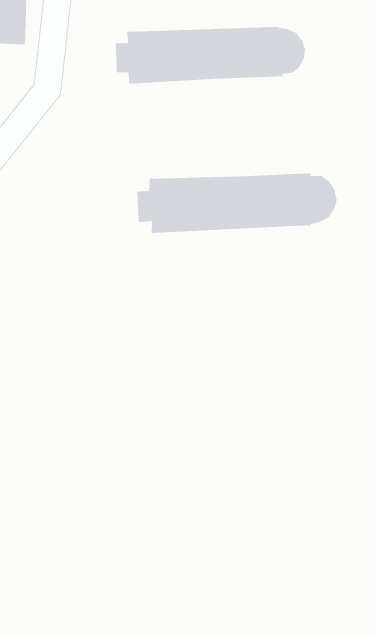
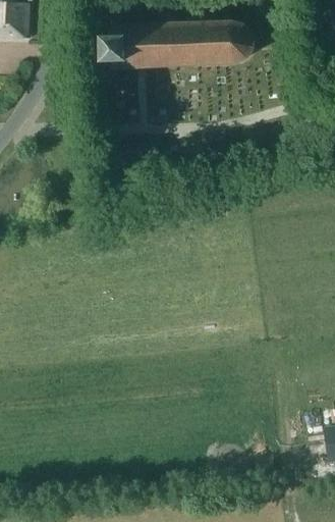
building: [137,172,338,234] -> none

